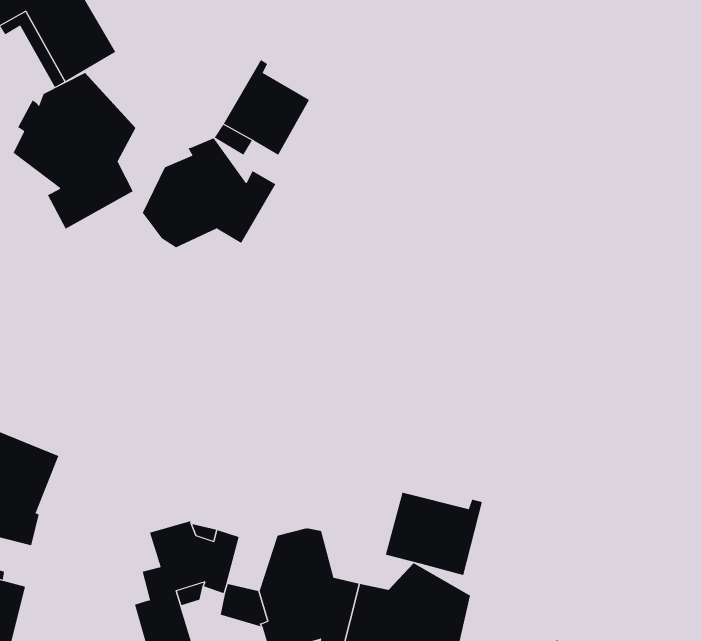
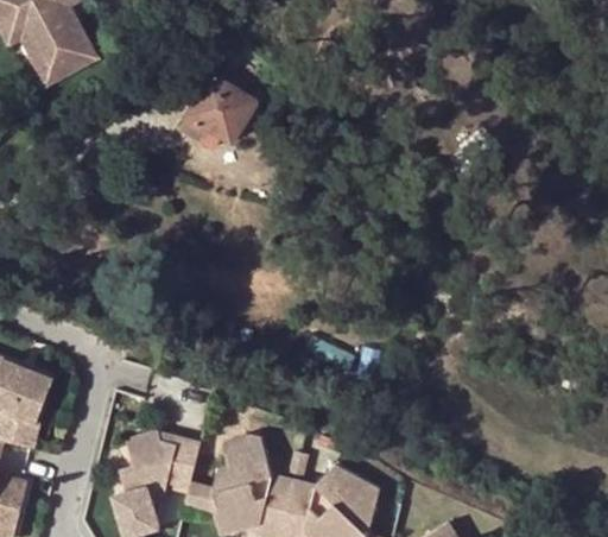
building: [13,72,136,229] -> none
building: [142,137,276,248] -> none
building: [385,492,482,576] -> none

